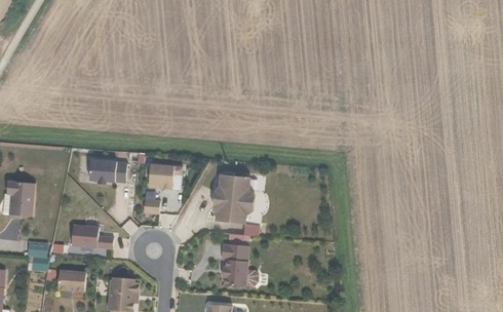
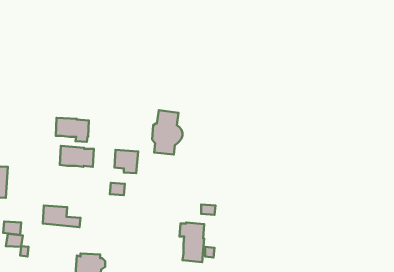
building: none -> [56,118,89,142]
building: [217,174,249,223] -> [152,110,182,155]
building: [57,270,86,290] -> none

